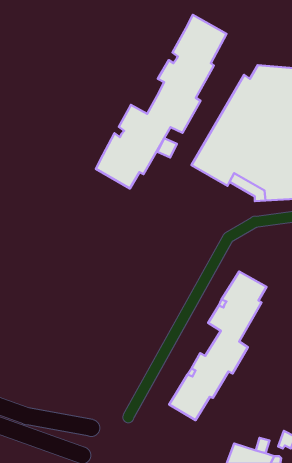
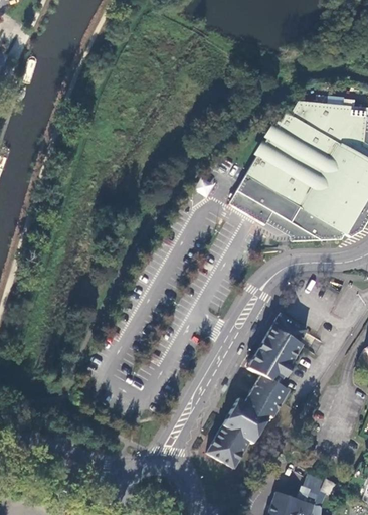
building: [96,15,226,189] -> none

